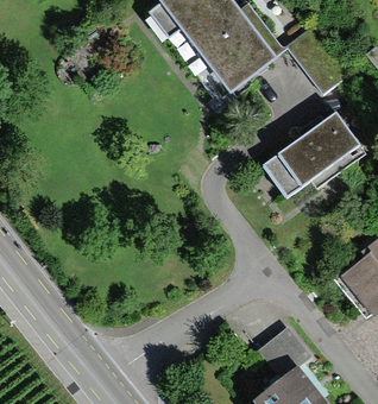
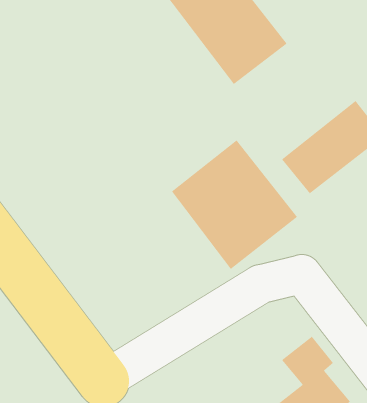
building: none -> [171,140,298,270]

